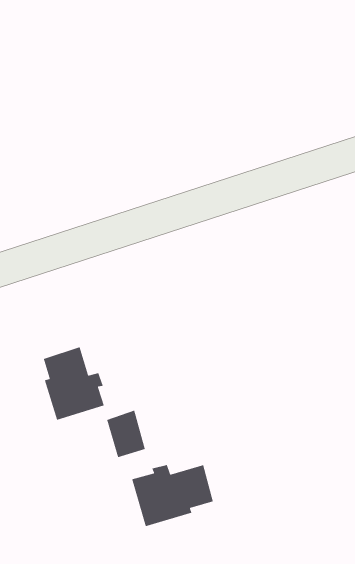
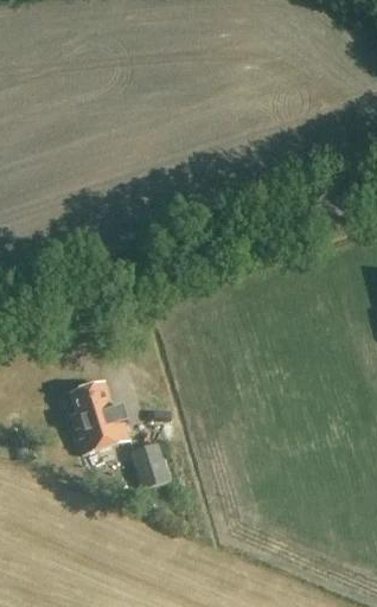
building: [131,464,214,527] -> none

